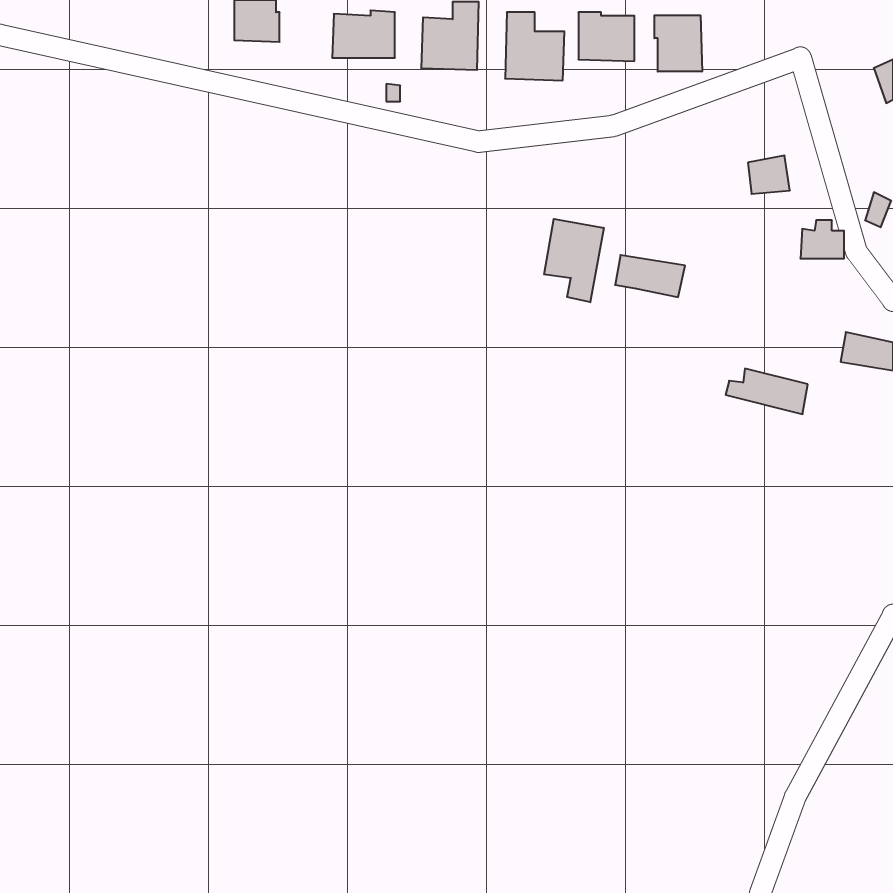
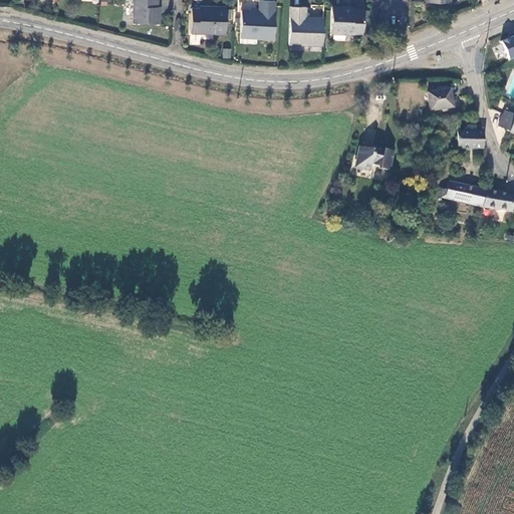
building: [654,15,702,72] -> none
building: [544,219,604,302] -> none
building: [726,369,808,414] -> [439,182,486,208]

